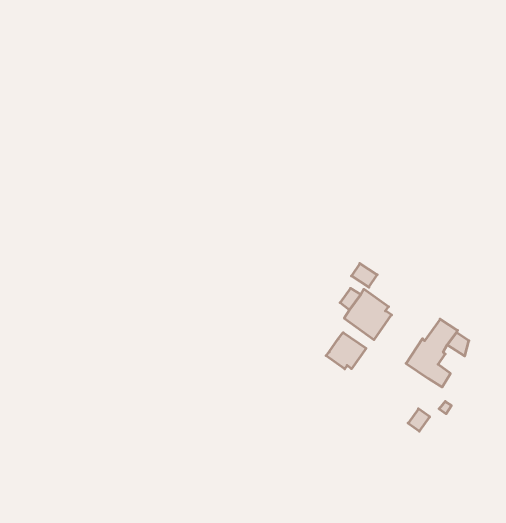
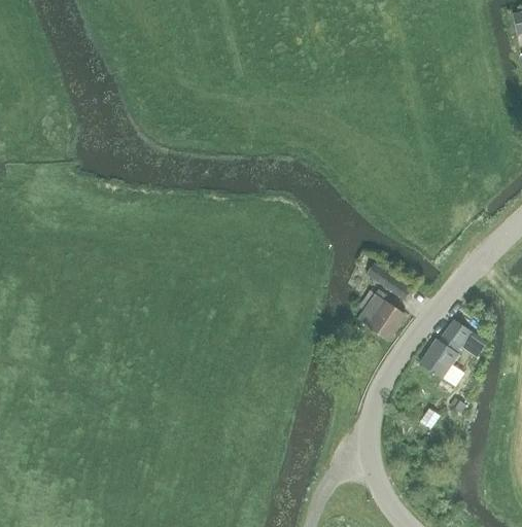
building: [326,333,366,369] -> none

